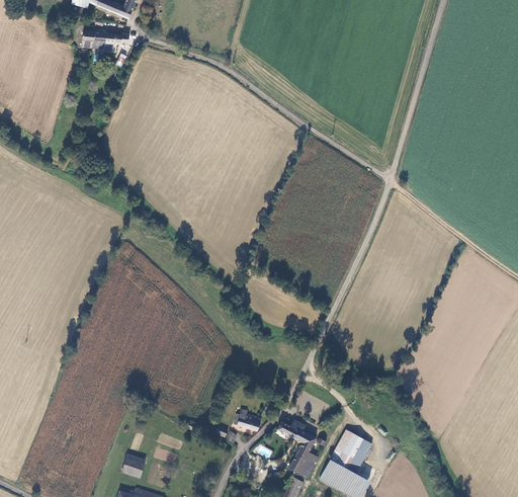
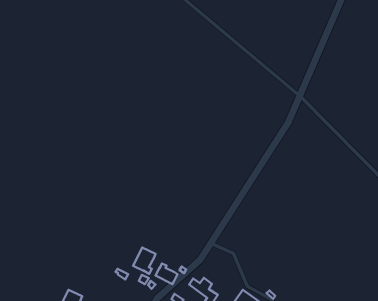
building: none -> [133,248,155,274]

